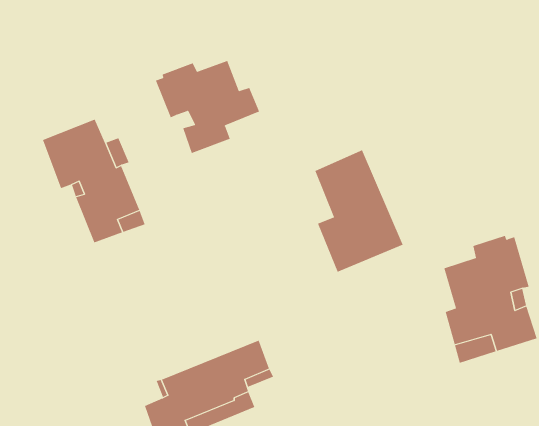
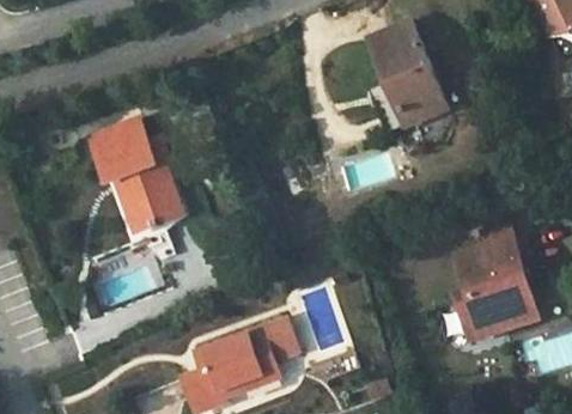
building: [155,60,260,154] -> none
building: [315,150,403,273] -> [369,23,449,134]

